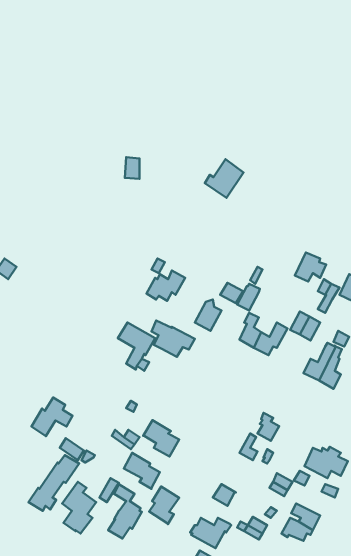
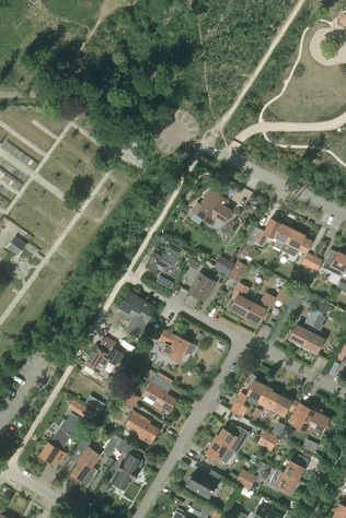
building: [205,159,244,198] -> [193,189,228,224]
building: none -> [247,219,291,250]
building: [151,321,195,357] -> [158,329,197,362]
building: [31,398,72,436] -> [85,337,123,372]
building: none -> [260,387,298,415]
building: none -> [215,425,247,452]
building: [149,486,179,524] -> none

